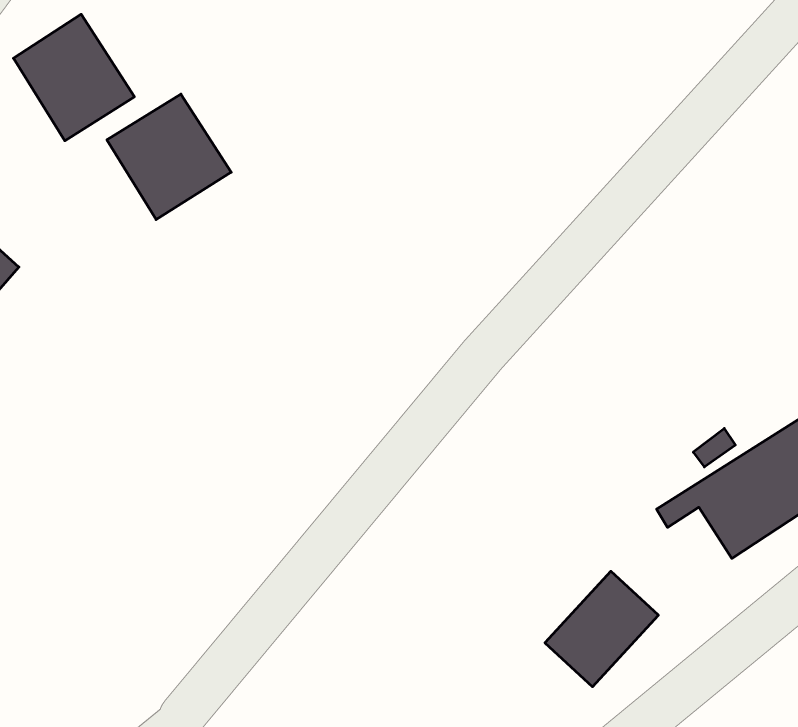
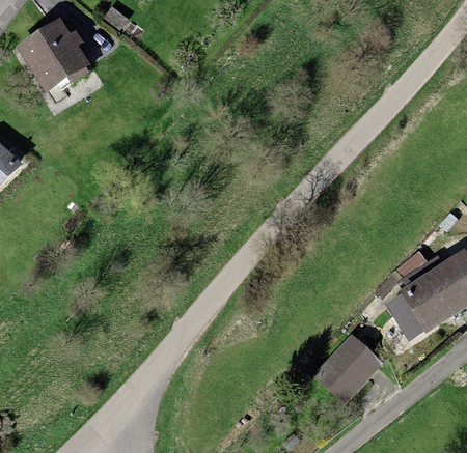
building: [107,94,231,220] -> none

